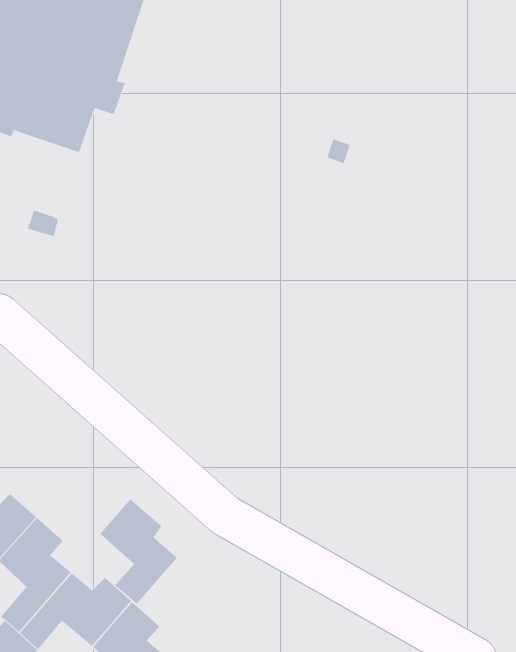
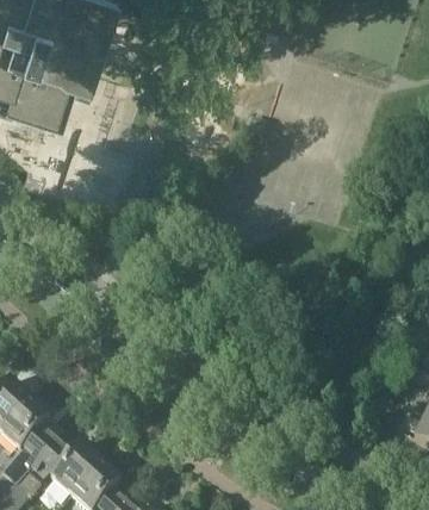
building: [99,499,178,605] -> none

